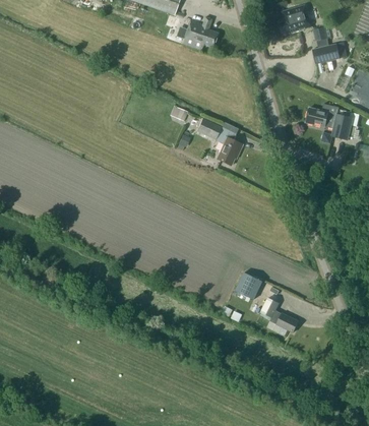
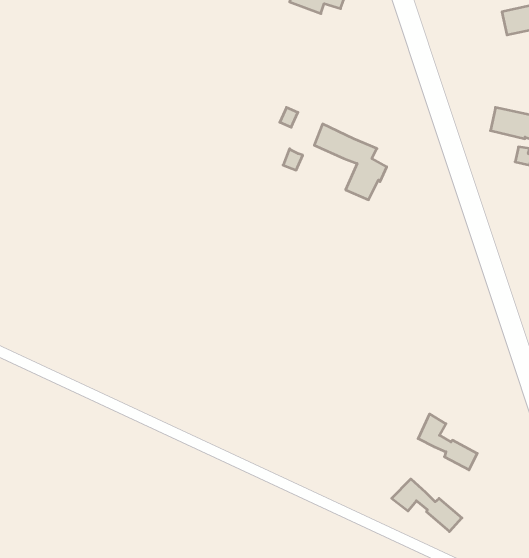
building: [235,271,264,299] -> none
building: none -> [392,479,462,532]

